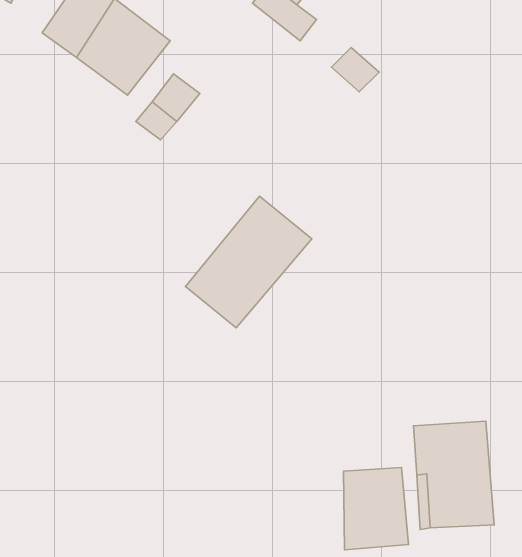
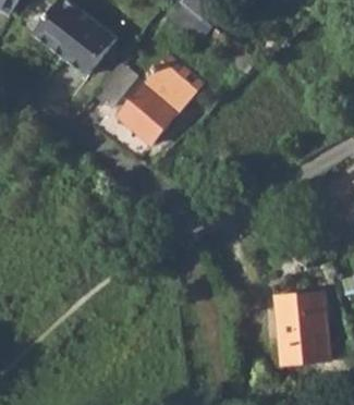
building: [185,196,312,328] -> [118,59,202,146]
building: [344,468,408,550] -> none

